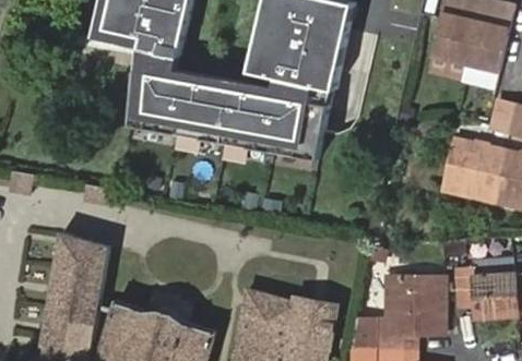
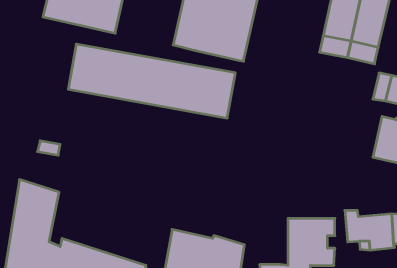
building: [132,43,328,100] -> none
building: [441,142,501,202] -> none

